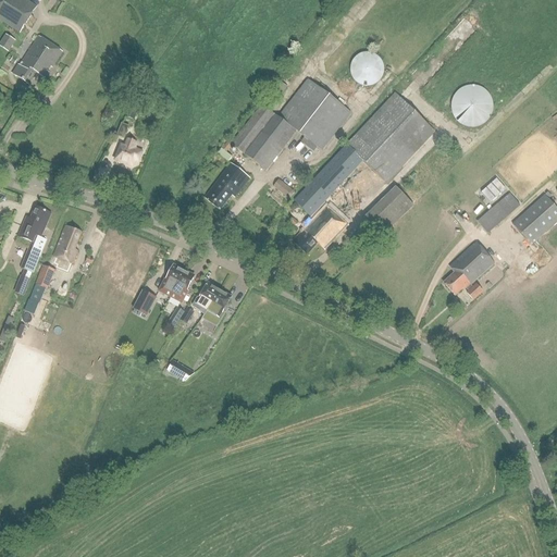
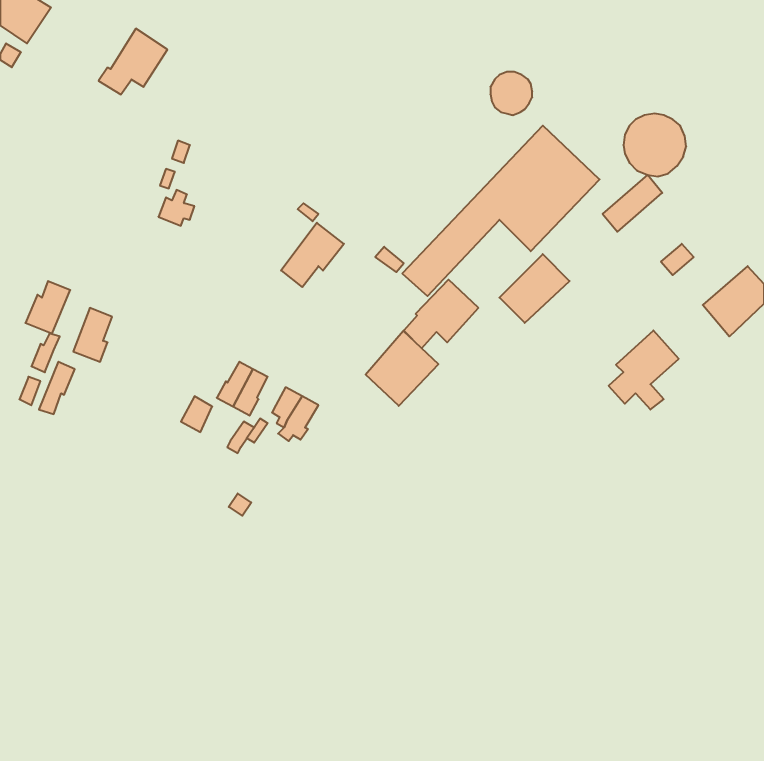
building: [12,35,62,83] -> [99,29,167,94]
building: [231,77,351,170] -> none
building: [476,191,520,233] -> [603,175,662,232]
building: none -> [366,331,438,406]

